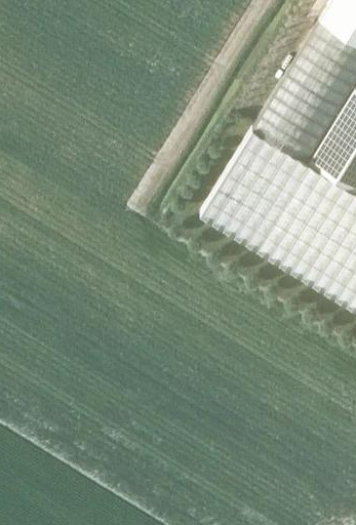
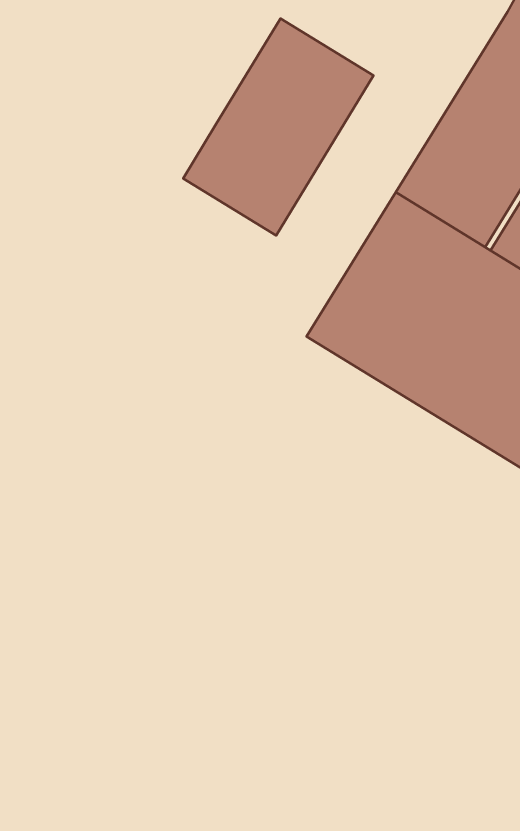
building: none -> [183,19,374,235]

